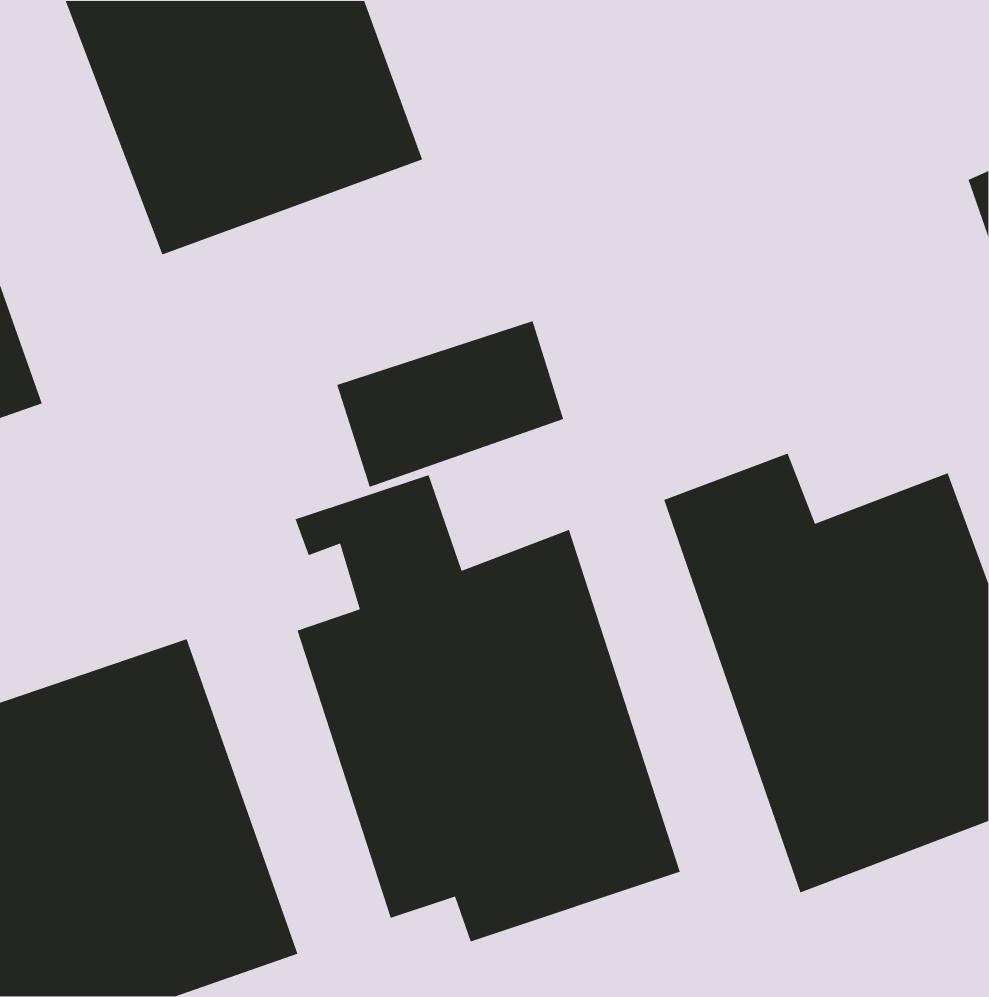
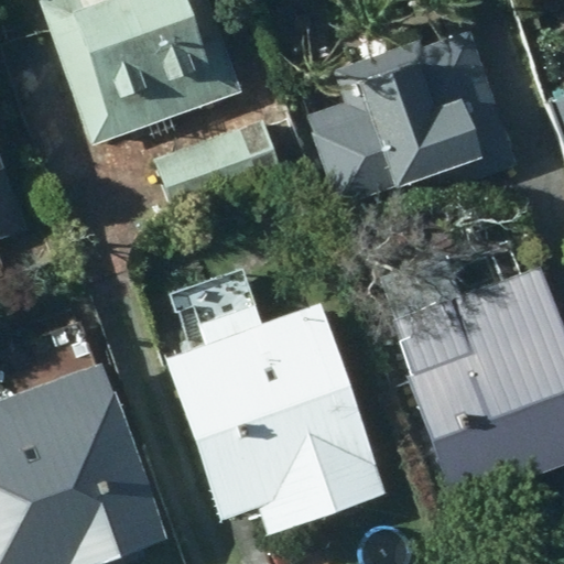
building: none -> [305,31,517,206]
building: [336,320,564,488] -> [152,121,281,216]

